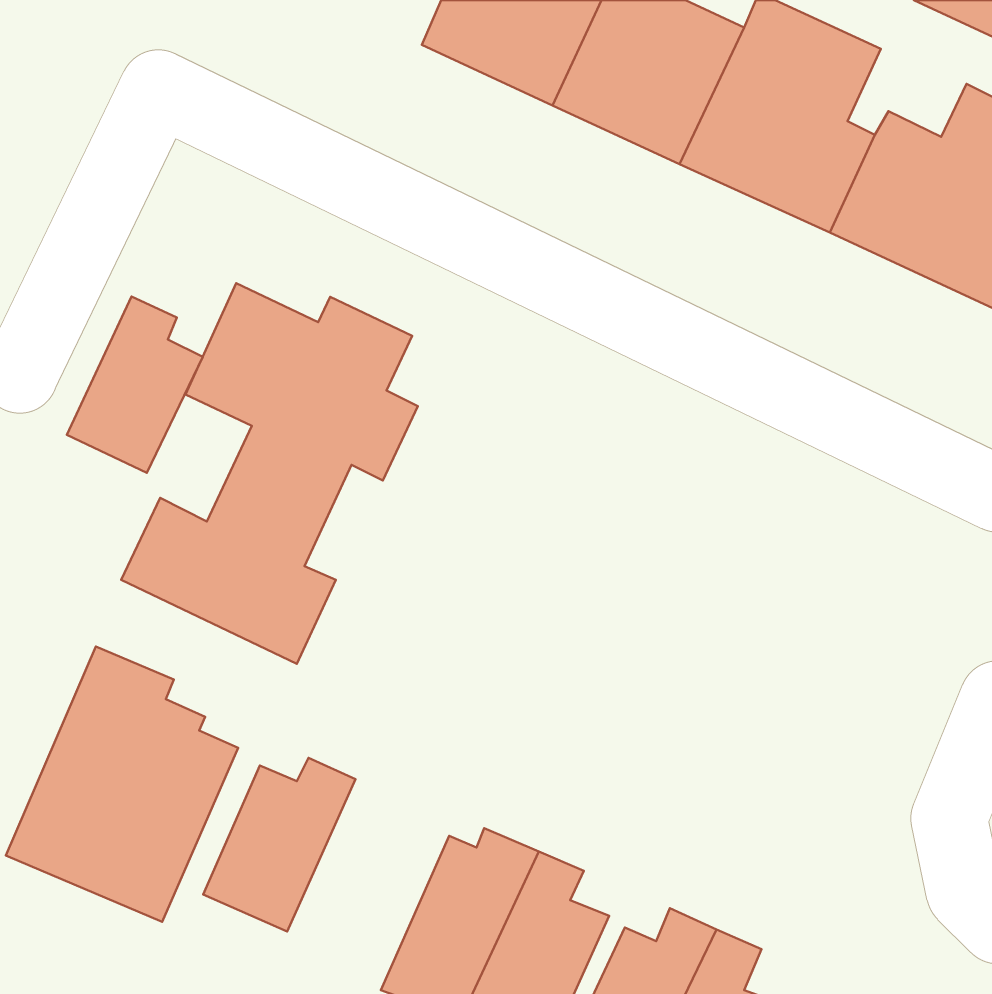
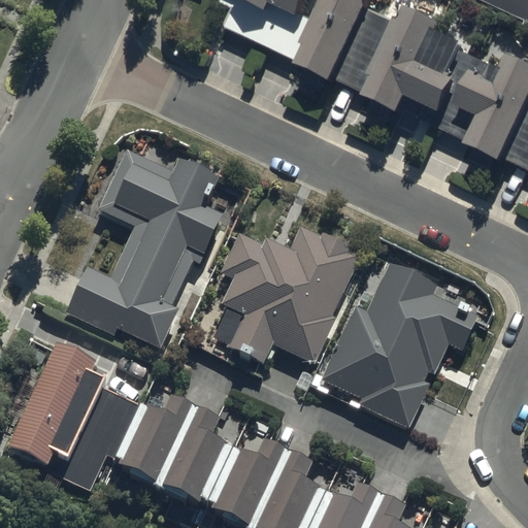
building: [67,296,203,473] -> none
building: none -> [221,225,364,362]
building: none -> [320,261,477,425]
building: none -> [155,414,229,513]

